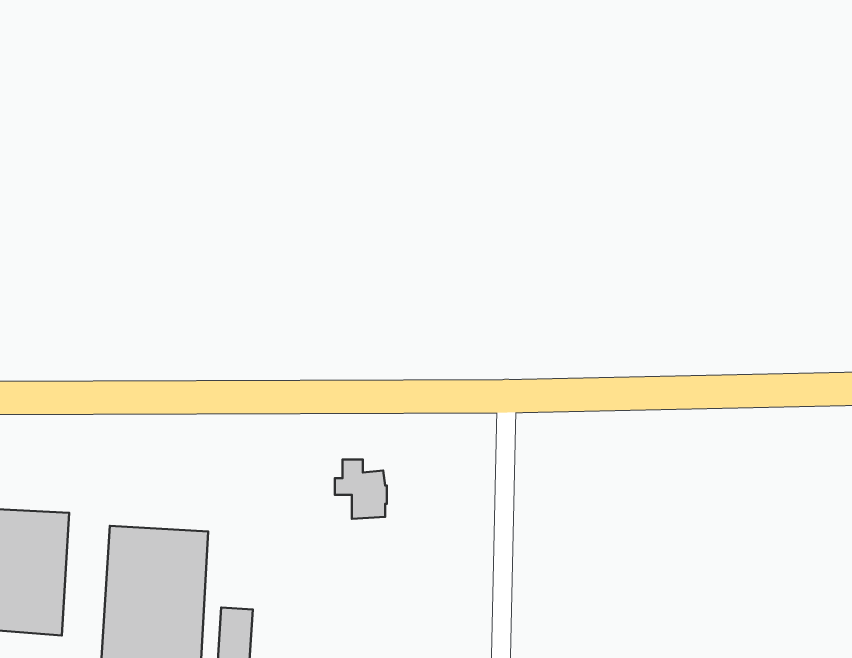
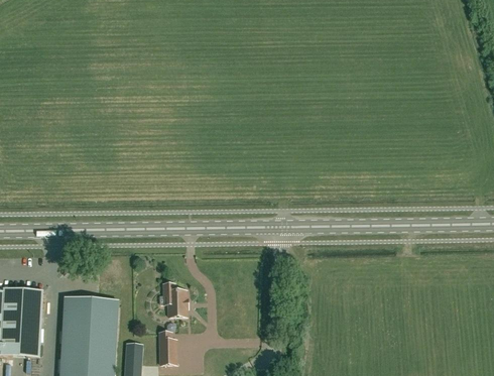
building: [335,459,387,519] -> [159,284,188,317]
building: none -> [159,333,176,364]

